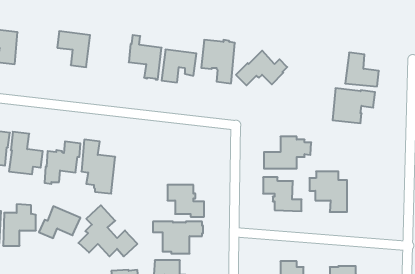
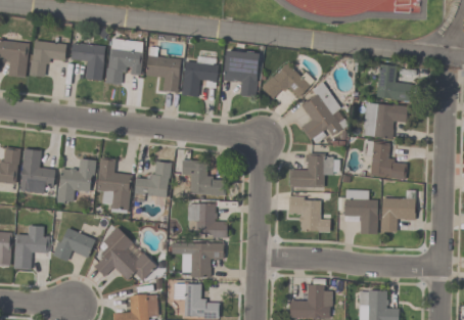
building: none -> [106,39,144,85]
building: none -> [30,40,67,77]
building: none -> [301,83,349,143]
building: none -> [363,140,408,180]
building: none -> [135,161,173,202]
building: none -> [182,161,227,196]
building: none -> [381,198,416,232]

